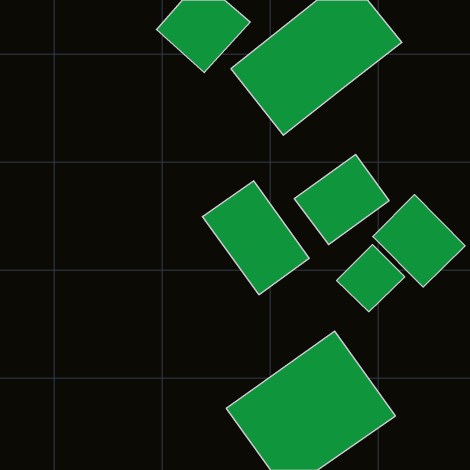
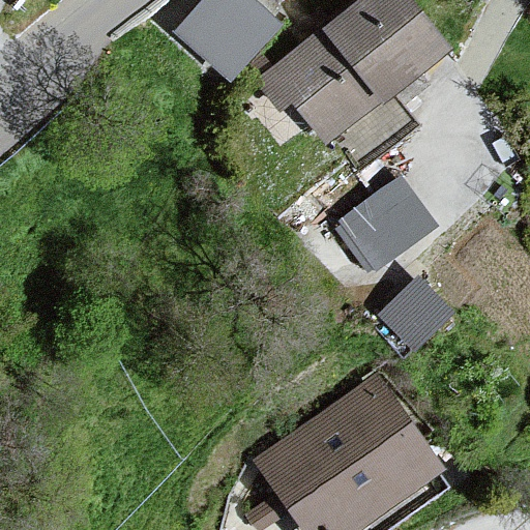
building: [202,181,309,295] -> none
building: [373,195,465,287] -> none

